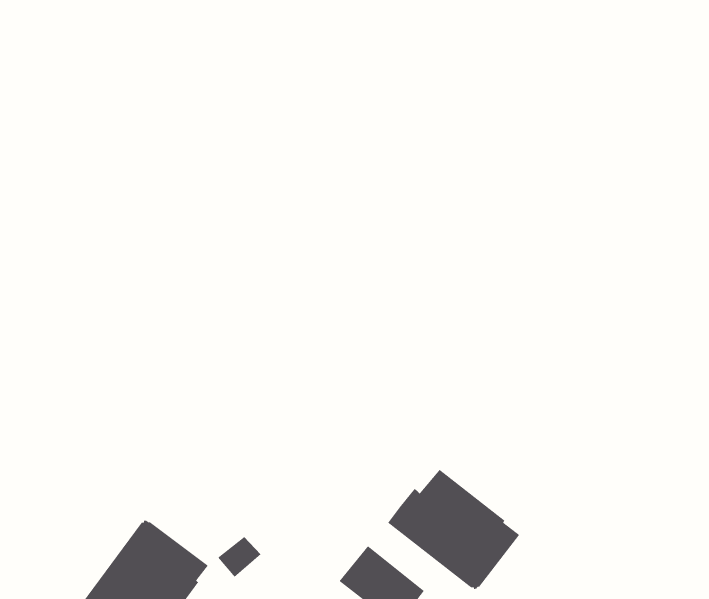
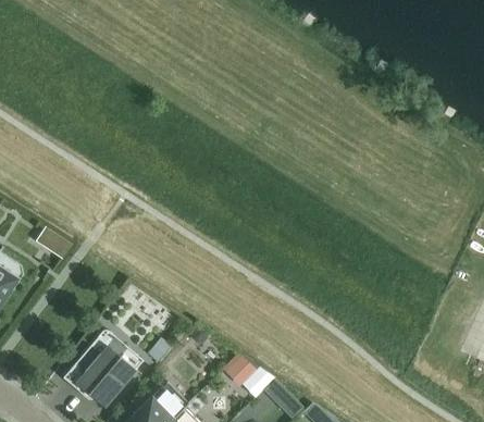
building: [387,469,520,590] -> none

